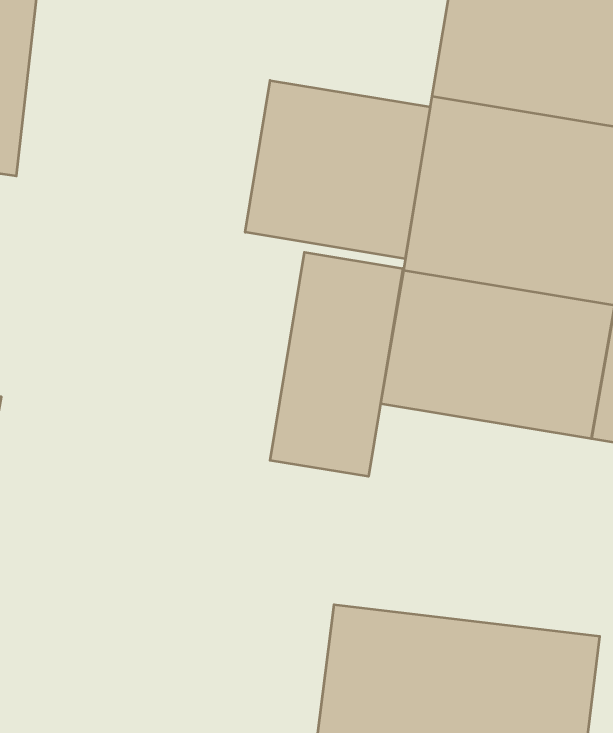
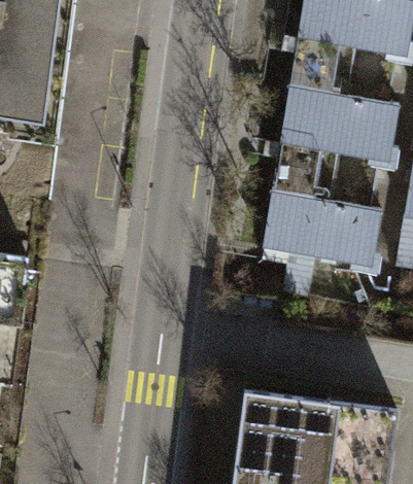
building: [245,80,430,259] -> none
building: [270,252,403,476] -> none

